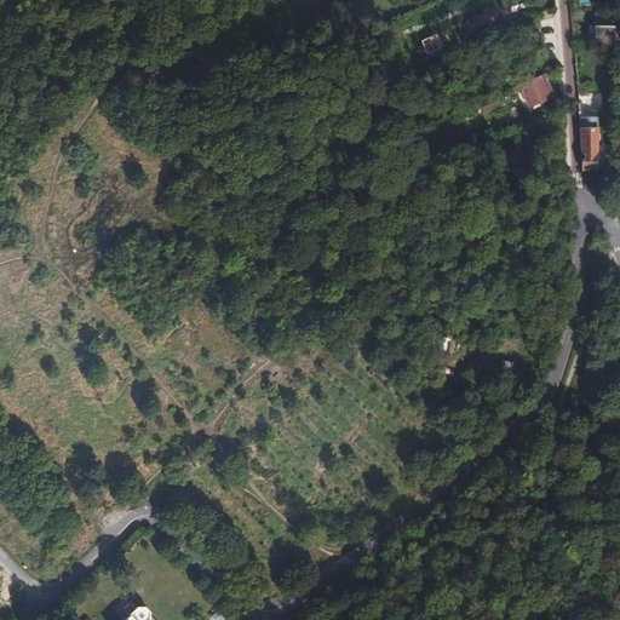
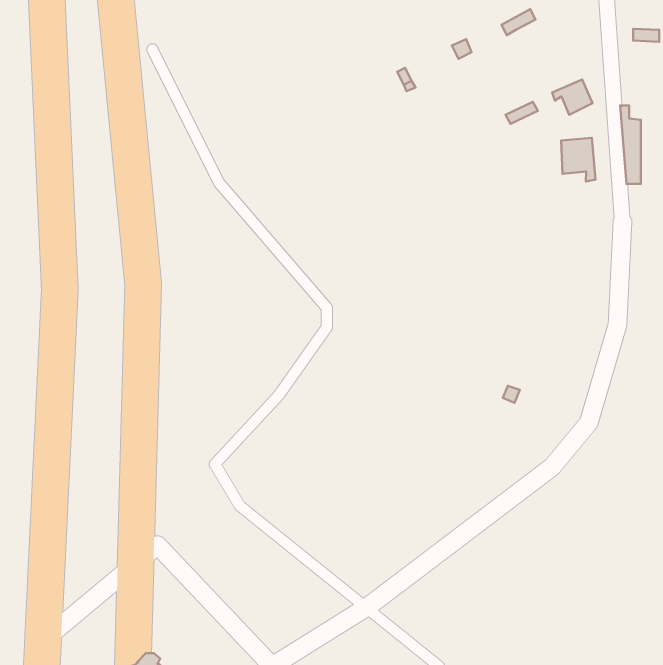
building: none -> [561,138,596,181]

